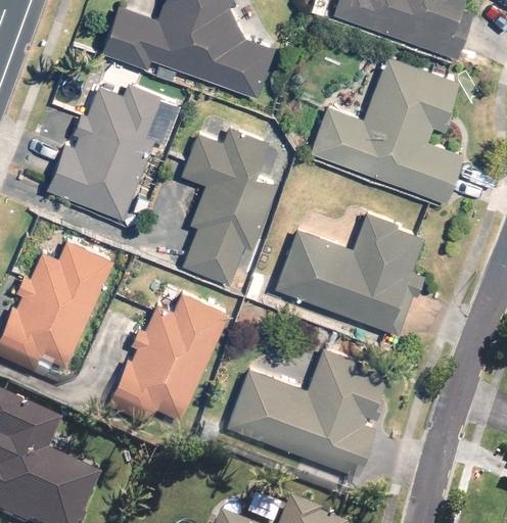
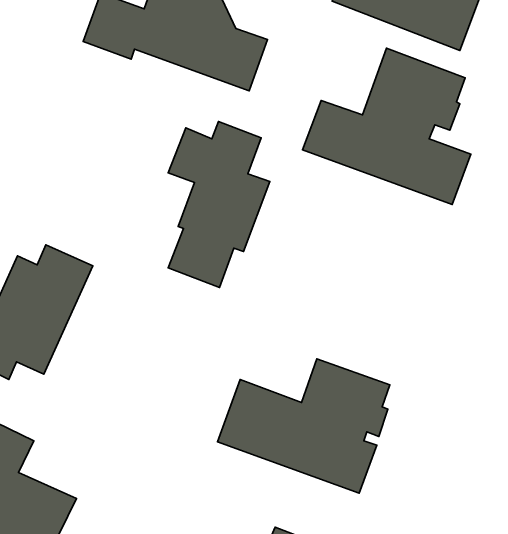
building: [47,86,160,221] -> none
building: [274,213,428,336] -> none
building: [108,292,228,421] -> none

